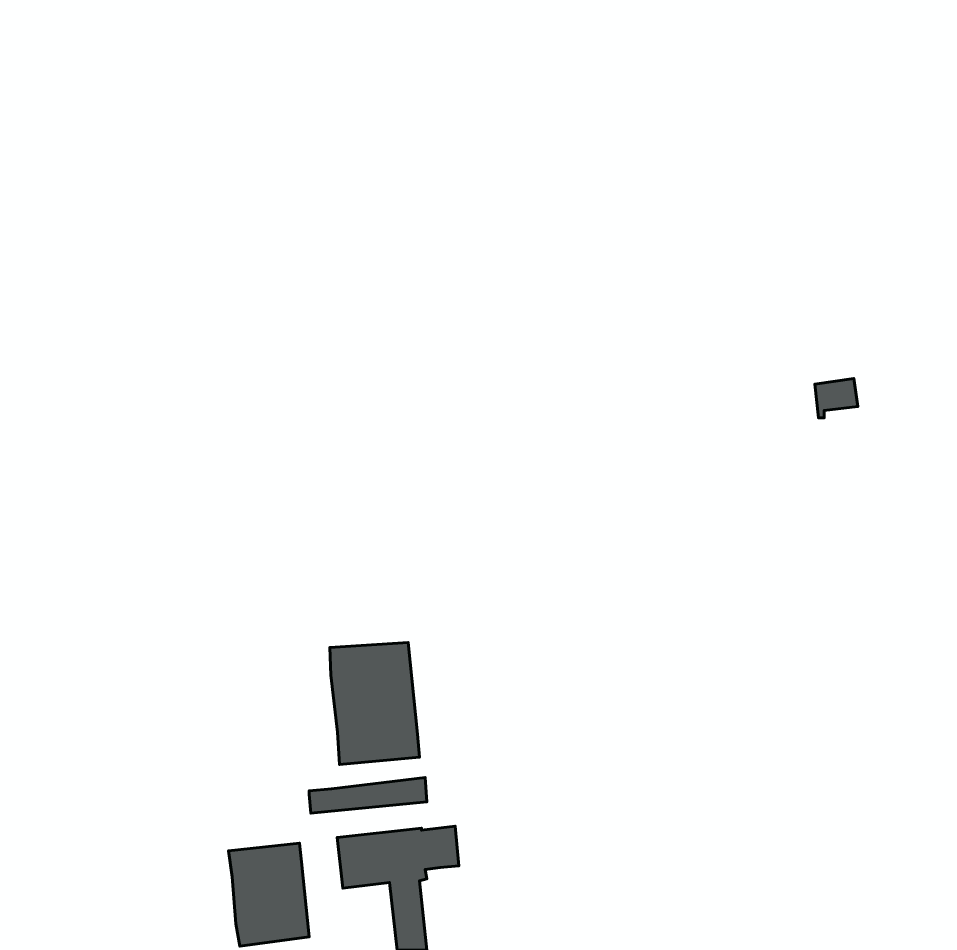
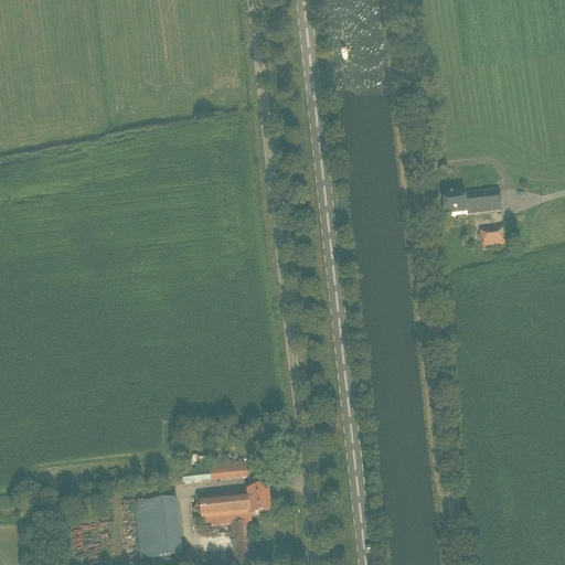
building: none -> [443,186,502,213]
building: [330,643,420,765] -> none

